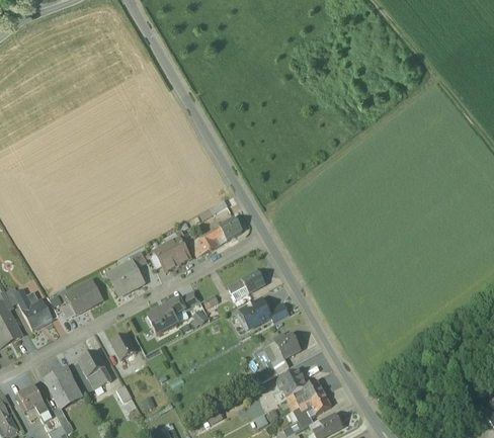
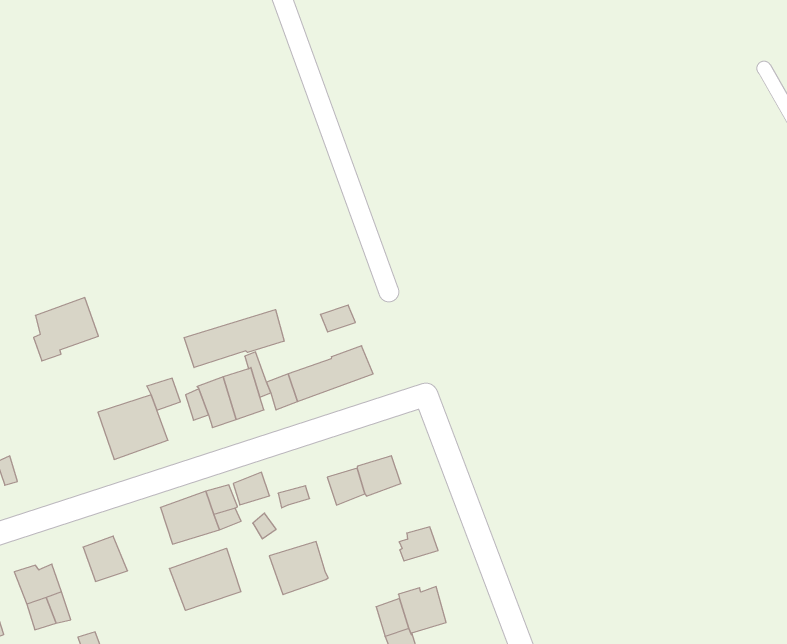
building: none -> [184,310,284,368]
building: [69,278,102,314] -> [34,298,98,361]
building: [240,298,271,328] -> [269,542,328,595]
building: none -> [169,548,241,610]

